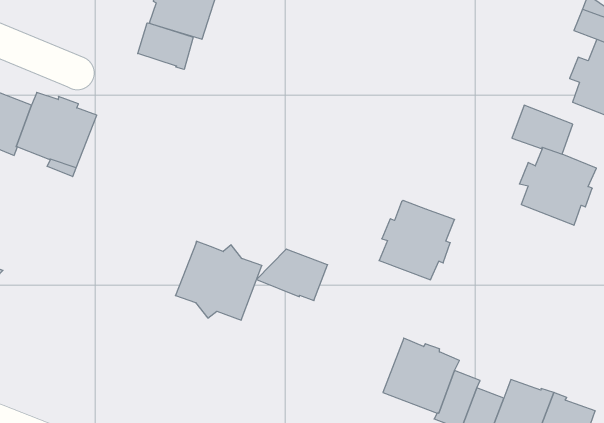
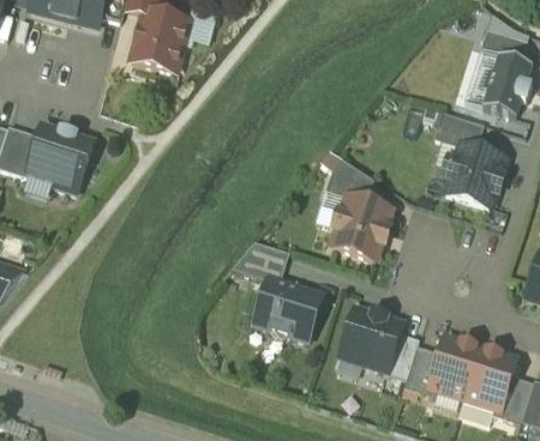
building: [138,23,193,69] -> none
building: none -> [325,157,374,200]
building: [175,241,262,320] -> [253,277,323,339]

